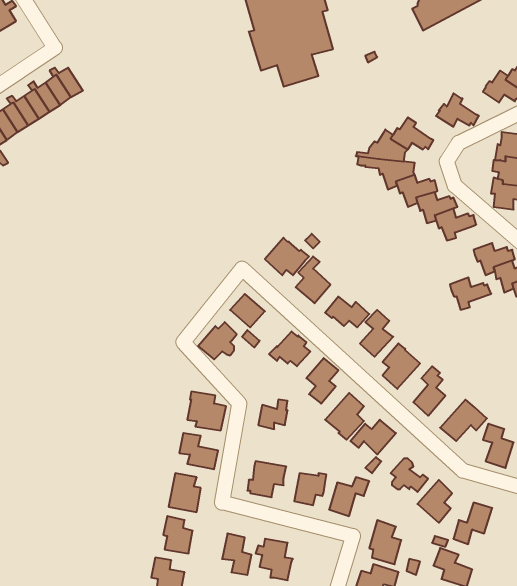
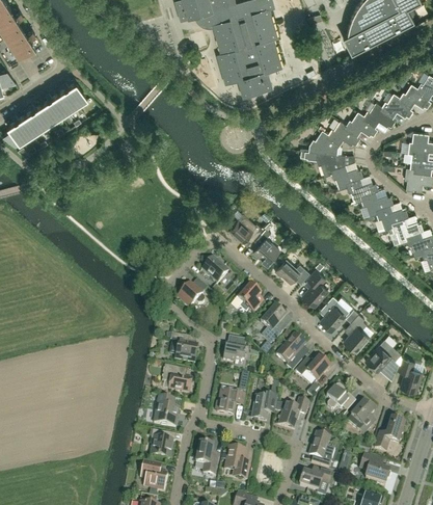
building: none -> [380,94,413,119]
building: none -> [344,112,377,138]
building: [450,278,491,310] -> [376,206,408,231]

